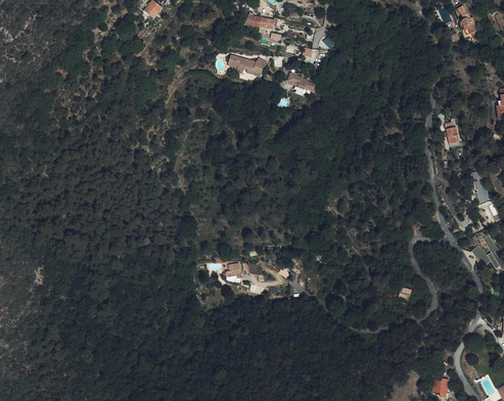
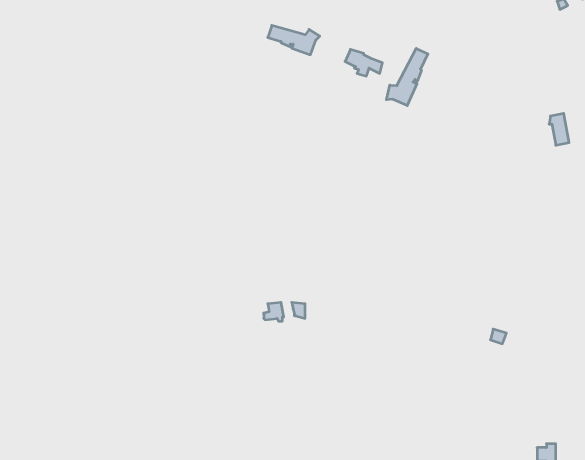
building: none -> [386,48,428,106]

